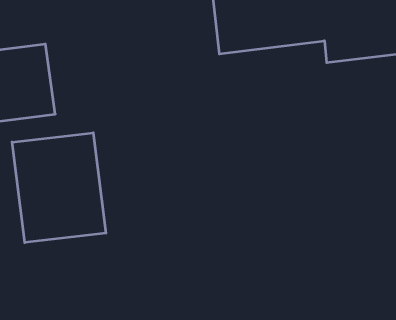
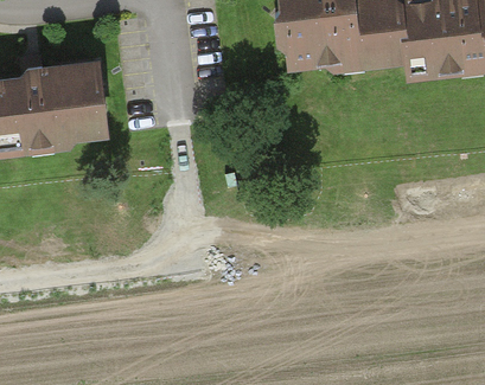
building: [12,133,106,243] -> none

